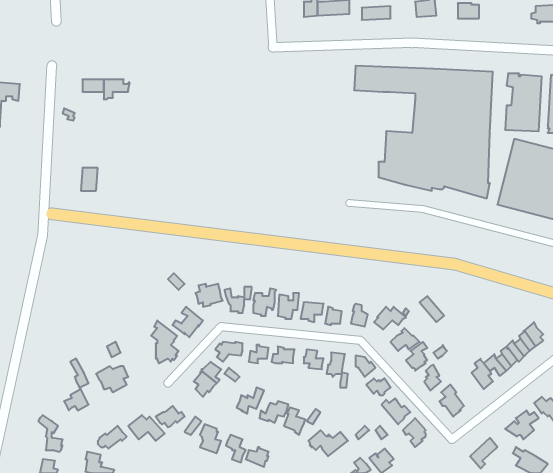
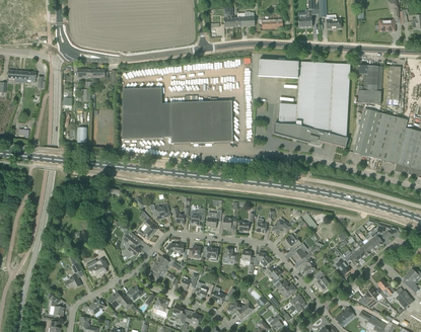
building: none -> [122,88,233,145]

